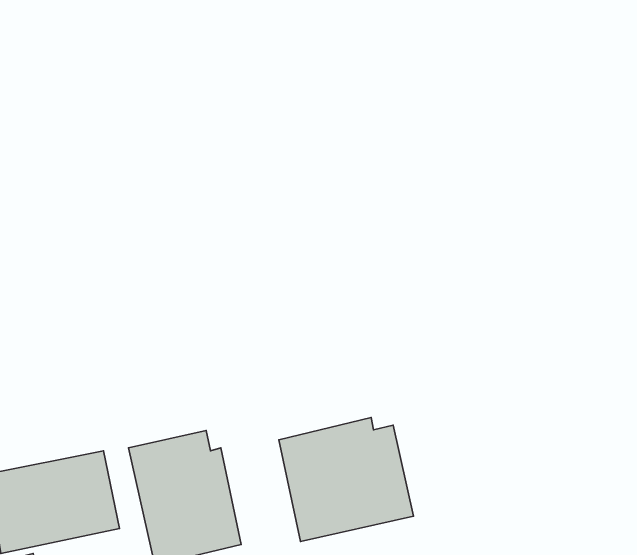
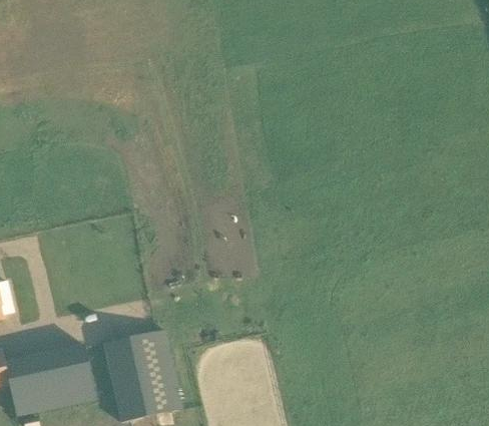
building: [279,418,413,541] -> none

